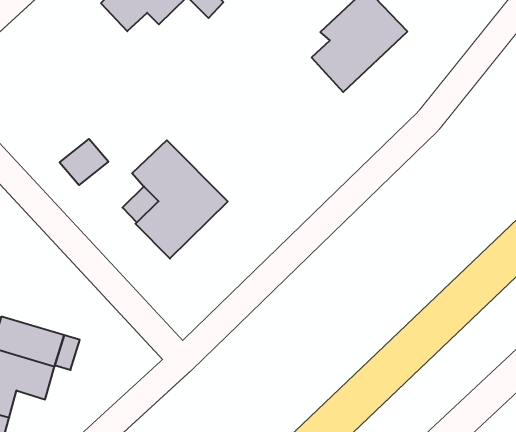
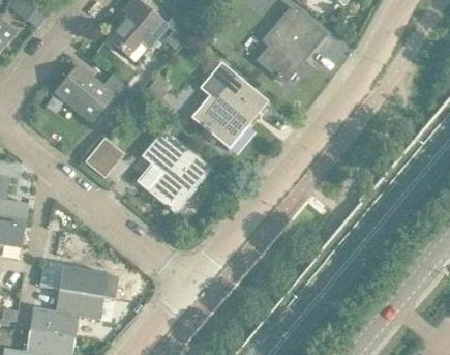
building: none -> [54,64,136,121]
building: none -> [190,61,266,146]

